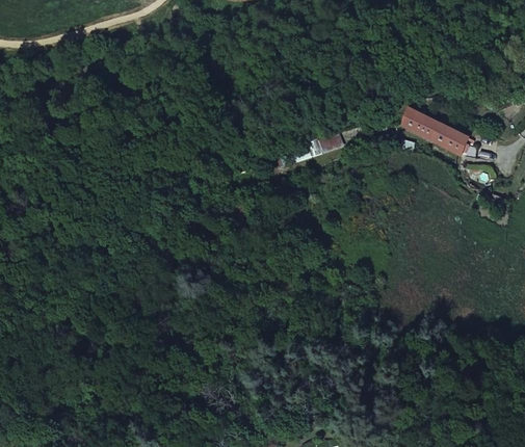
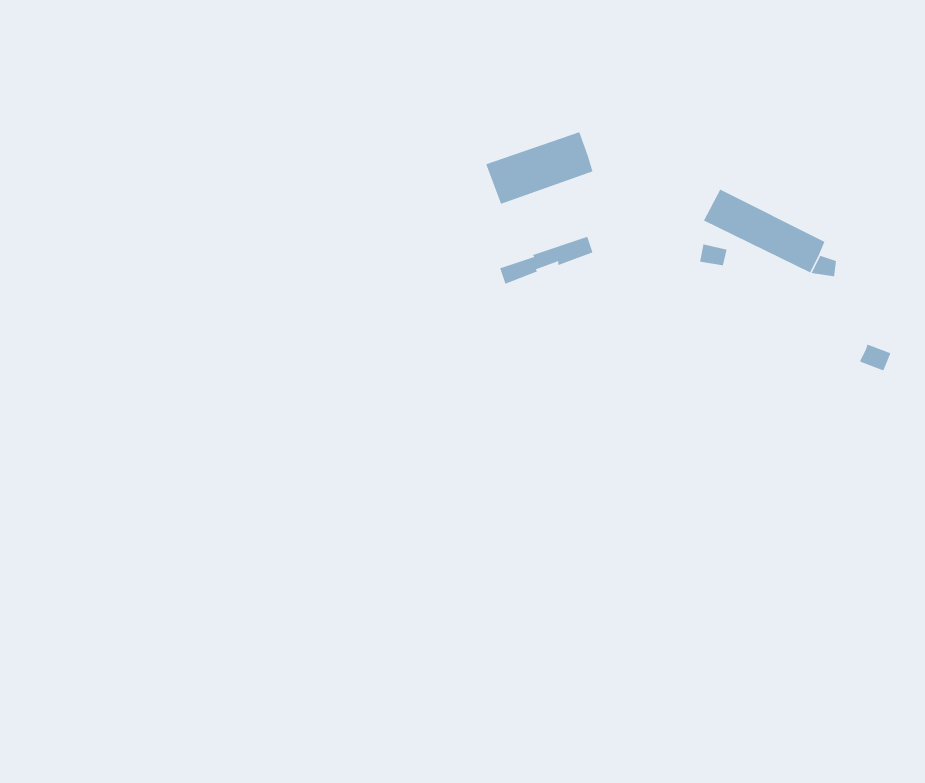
building: none -> [485,131,594,205]

